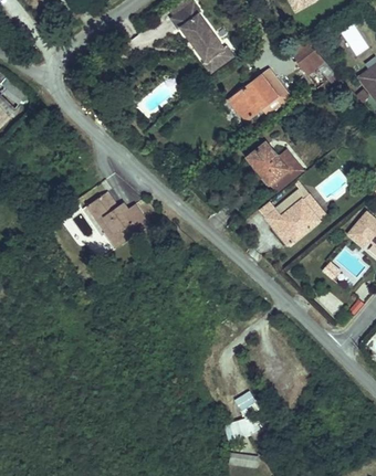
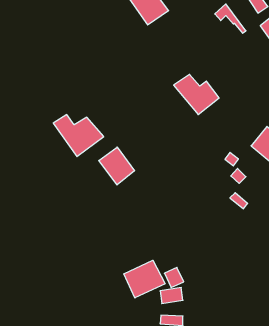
building: [228,73,278,121] -> none
building: [261,192,328,248] -> none
building: none -> [99,147,135,185]
building: none -> [124,260,165,298]

